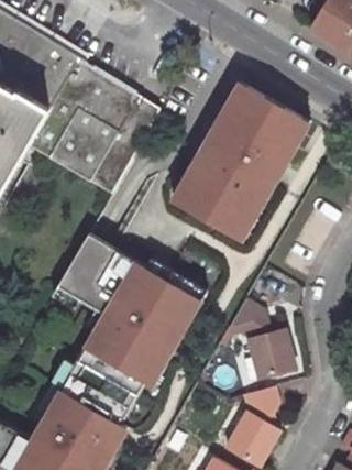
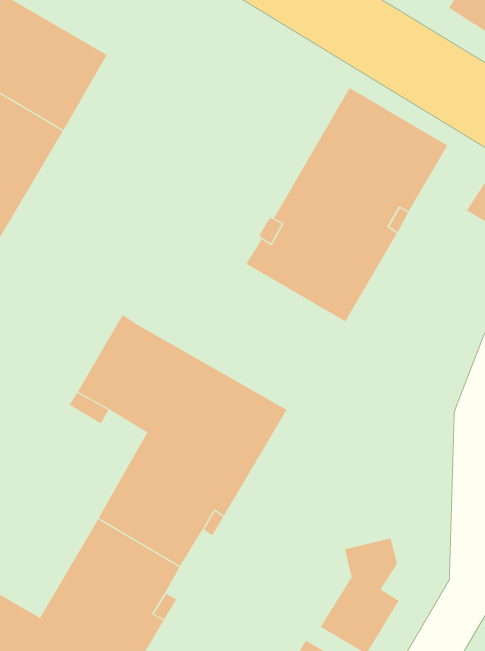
building: [29,57,163,194] -> none
building: [228,298,292,378] -> none

